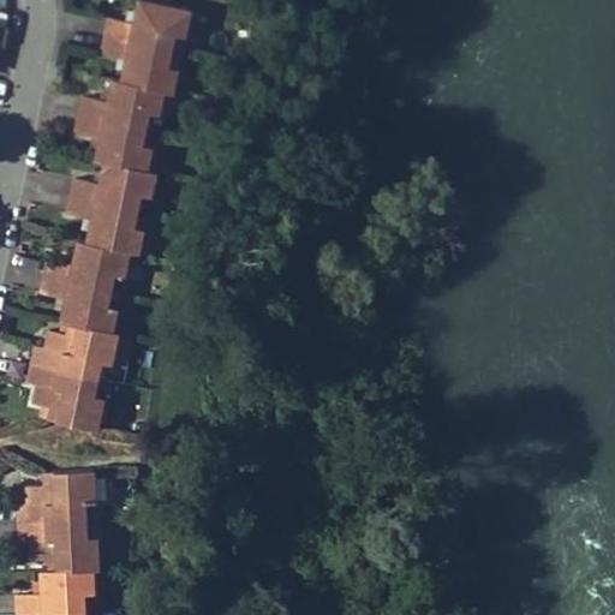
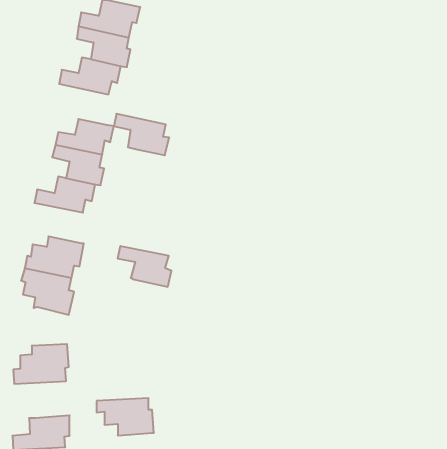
building: [77,117,153,173] -> [114,114,169,155]
building: [43,279,117,334] -> [118,246,171,287]
building: [19,521,97,572] -> [97,398,154,435]

